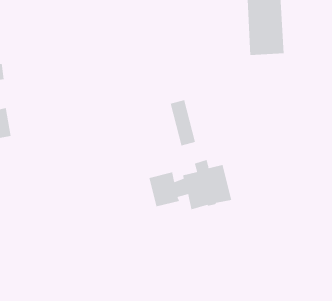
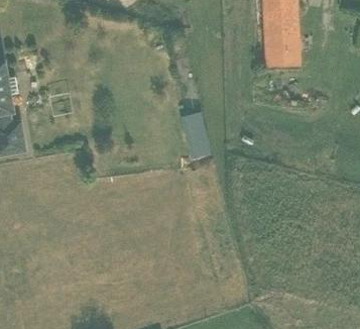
building: [149,159,232,210] -> none

